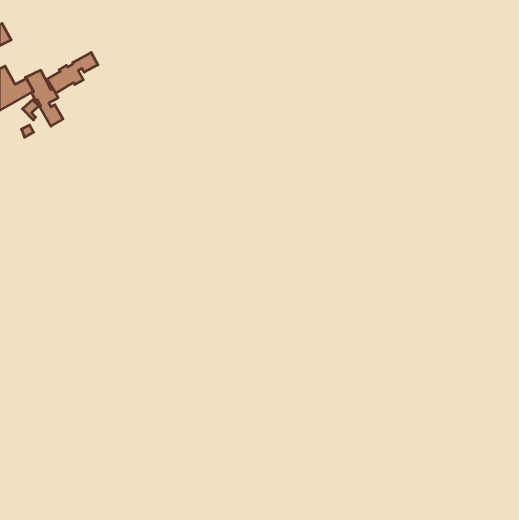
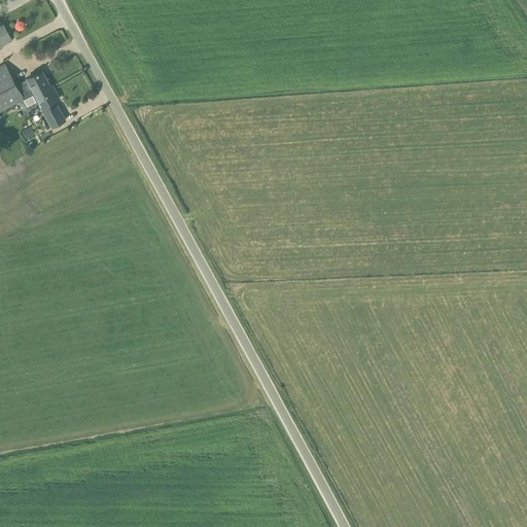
building: [47,52,98,93] -> none

